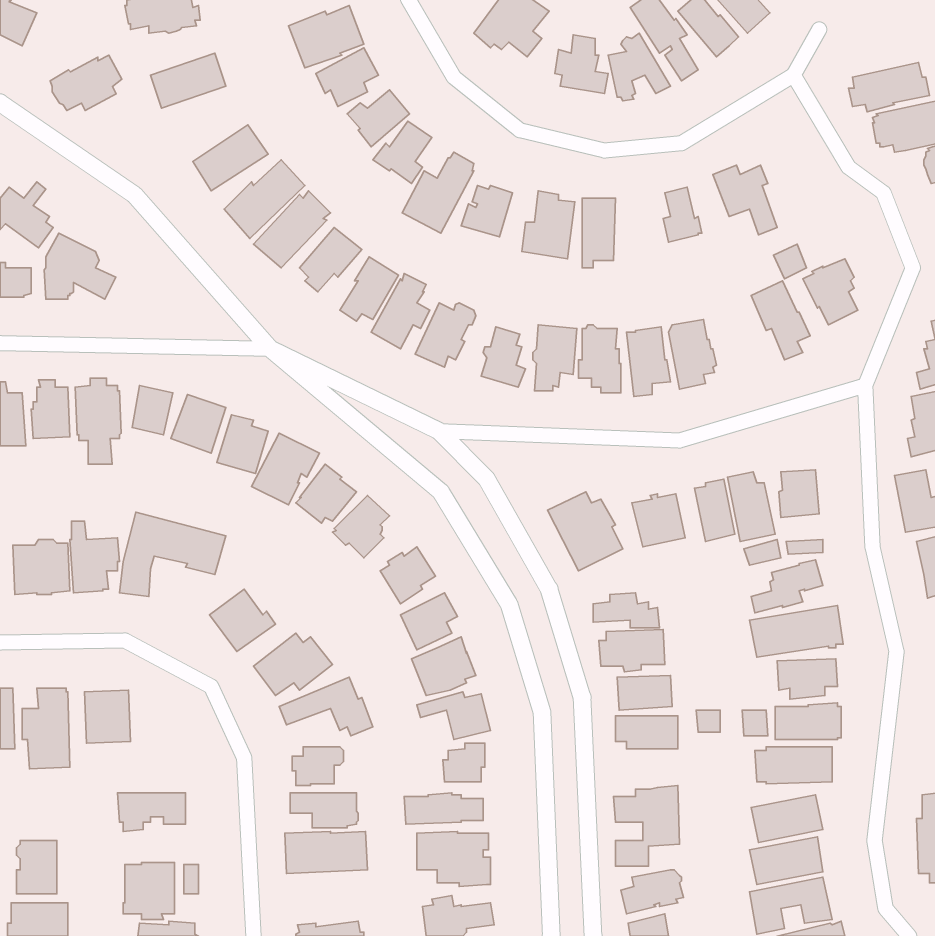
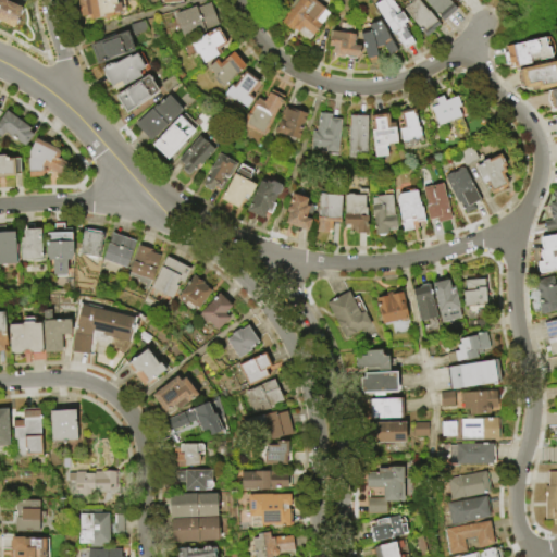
building: [50,55,122,110] -> [103,53,146,86]
building: none -> [368,115,395,159]
building: none -> [424,183,454,221]
building: none -> [173,517,220,542]

